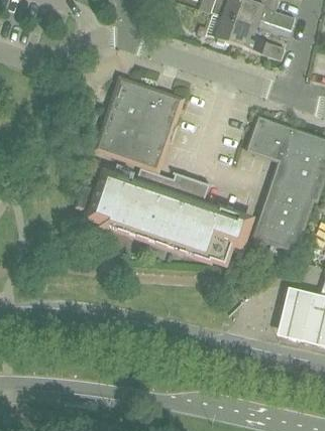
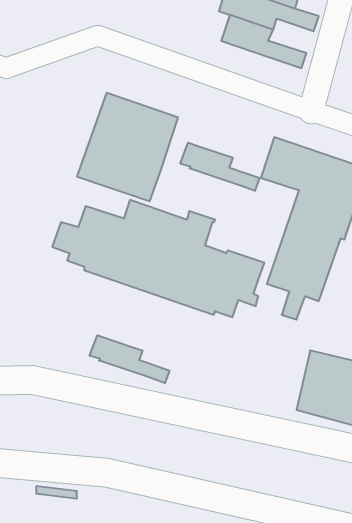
building: none -> [180,143,259,191]
building: none -> [90,335,169,383]

